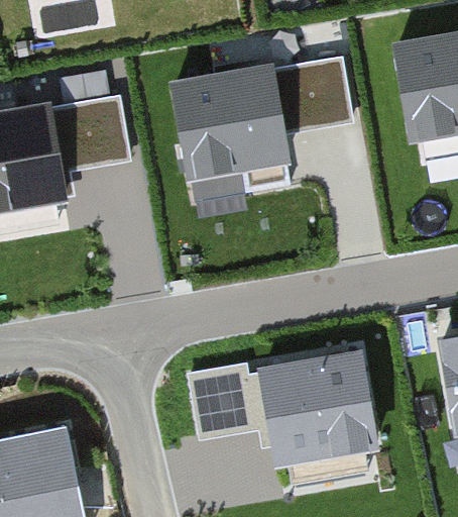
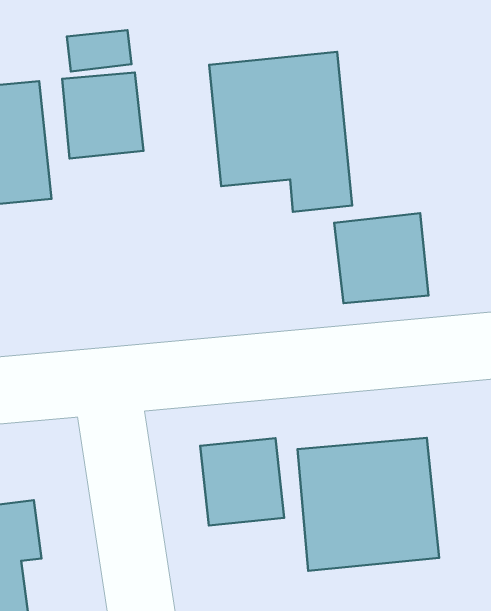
building: [287,59,353,127] -> none
building: none -> [334,213,428,303]

